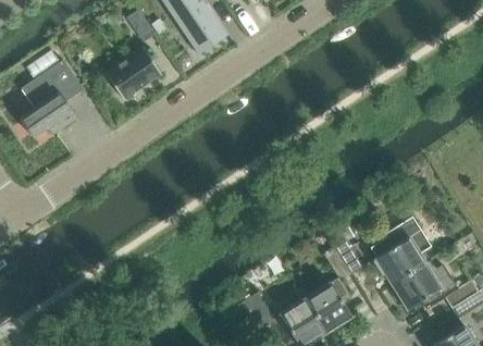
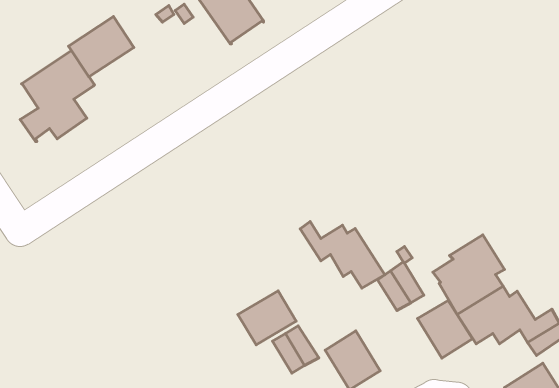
building: [106,47,161,98] -> [68,17,134,77]
building: none -> [300,222,385,288]
building: none -> [238,291,296,345]
building: [305,282,351,331] -> [418,300,473,358]

